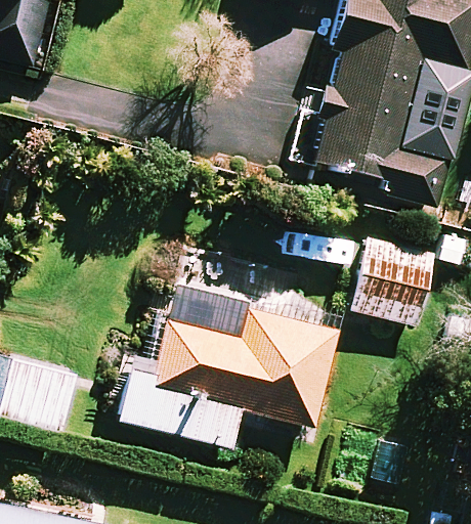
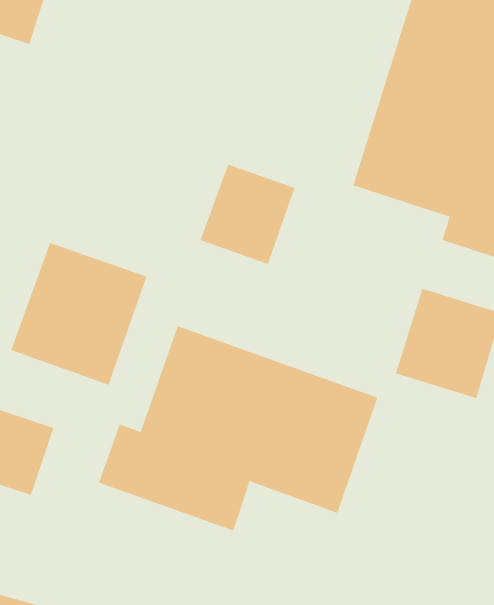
building: none -> [200,164,295,265]
building: none -> [10,242,147,386]

